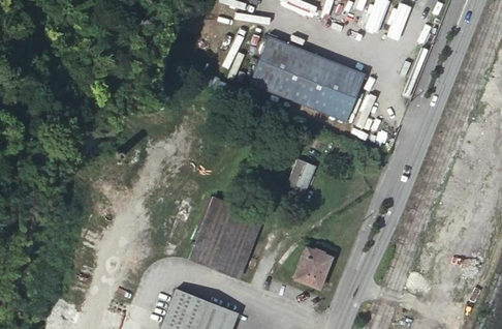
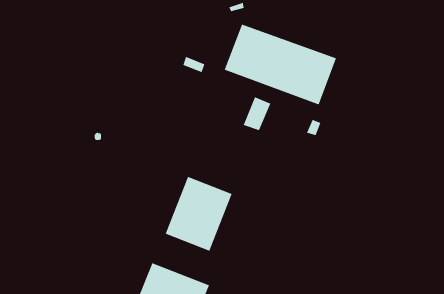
building: [284,158,314,195] -> [243,97,271,131]
building: [295,247,332,288] -> none

